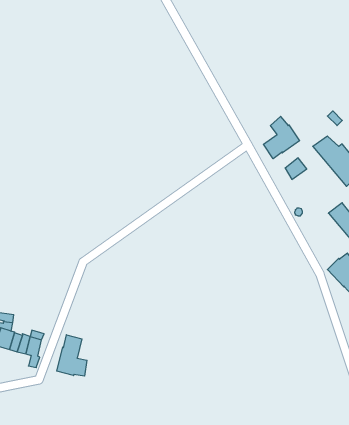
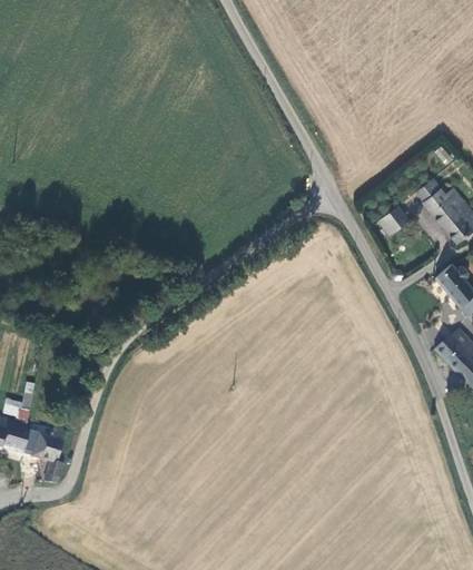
building: [263,116,300,159] -> none
building: [57,335,87,376] -> none

